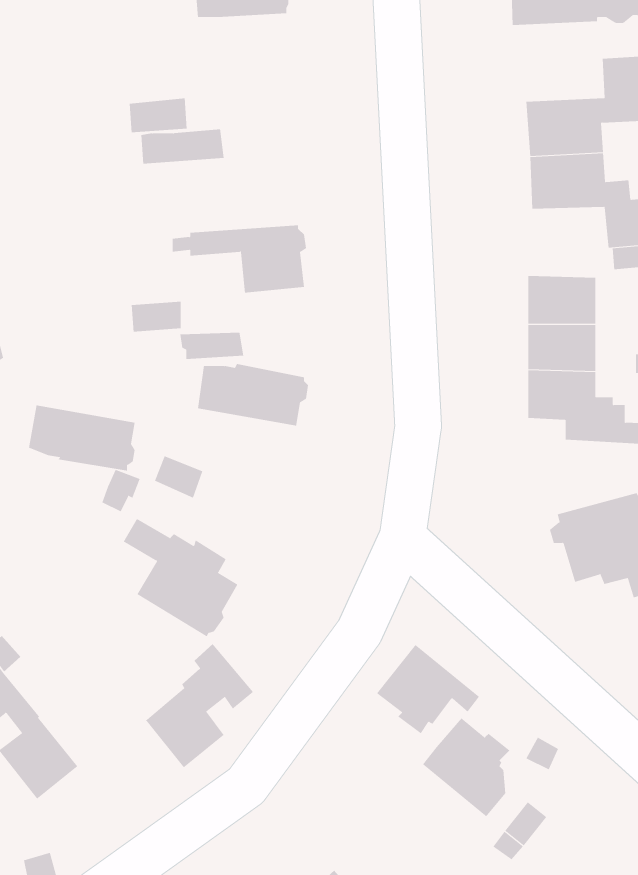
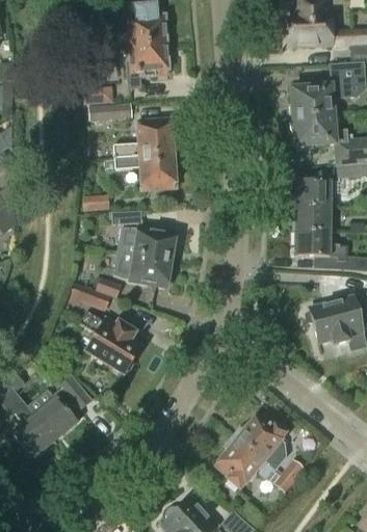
building: none -> [126,42,168,88]
building: none -> [112,121,175,158]
building: [28,405,136,471] -> [113,251,171,287]
building: [144,643,254,768] -> [33,375,91,442]
building: [376,644,480,734] -> [216,441,271,488]

